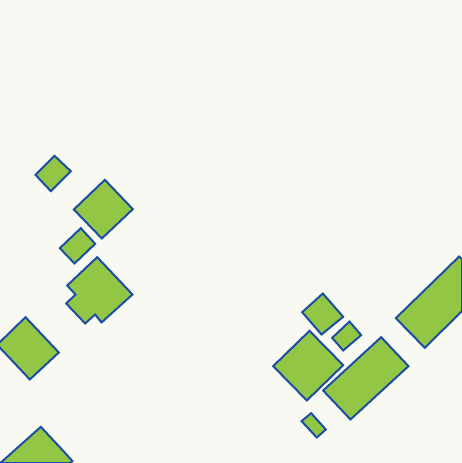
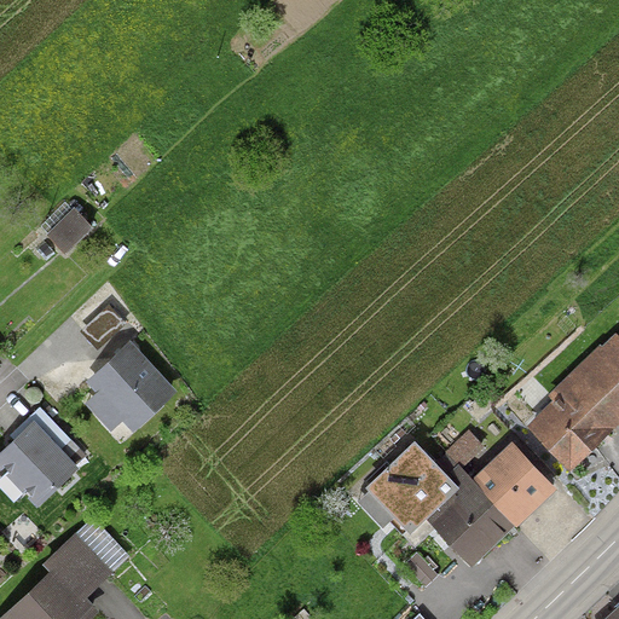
building: [74,180,133,239] -> none
building: [302,293,343,335] -> none
building: none -> [47,520,129,602]

